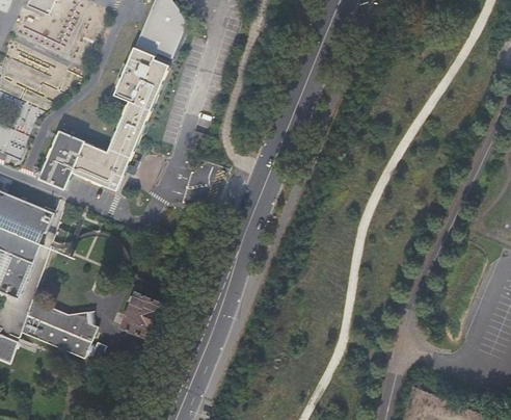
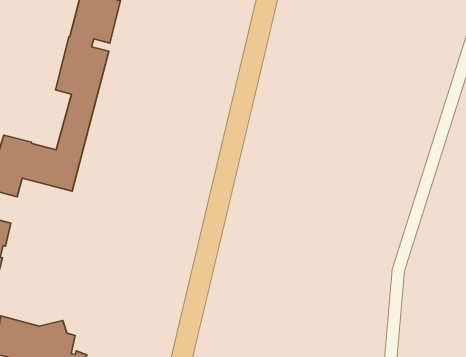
building: [119,292,160,337] -> none

